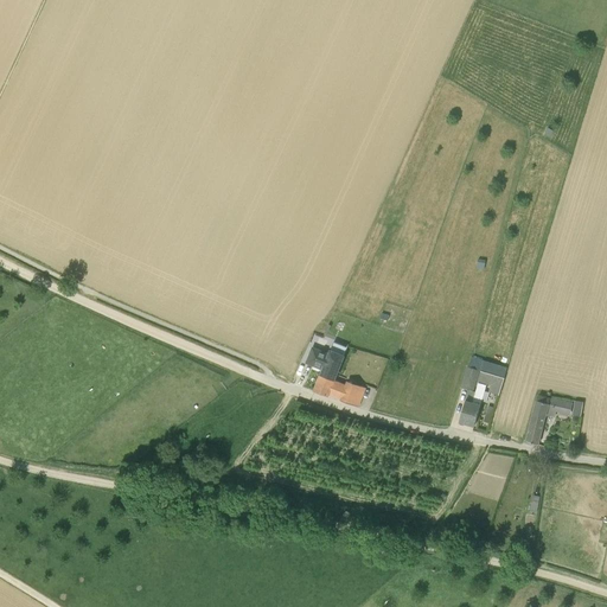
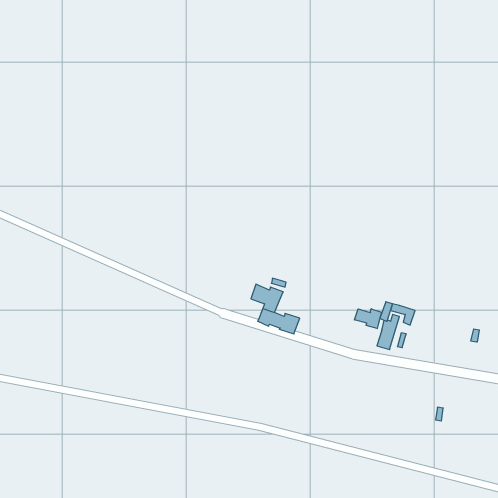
building: none -> [354,309,381,329]
building: [525,395,570,443] -> none

